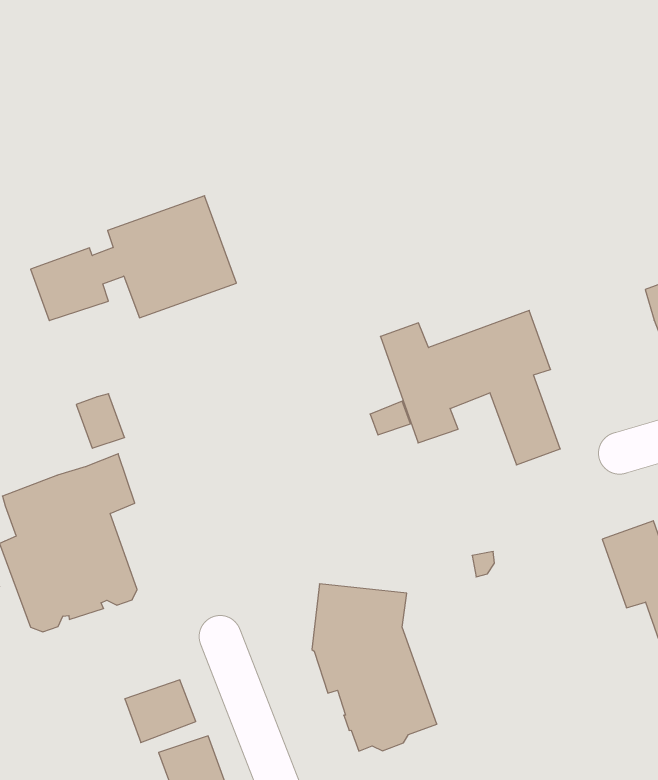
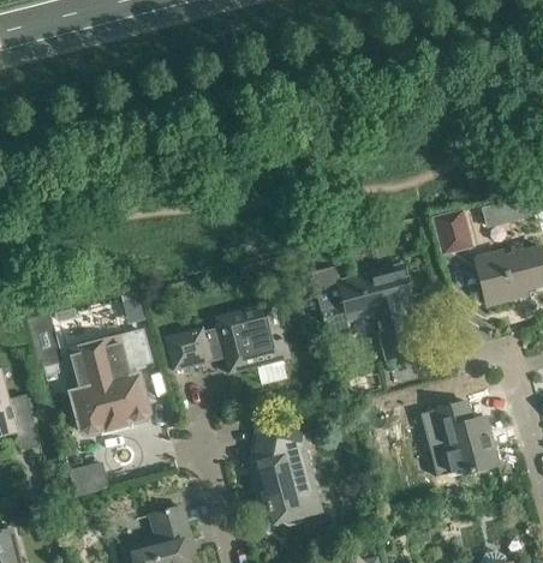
building: [31,196,236,321] -> [165,304,290,375]
building: none -> [432,211,471,256]
building: [125,680,196,743] -> [67,462,109,498]

